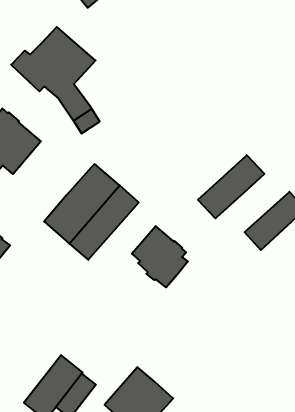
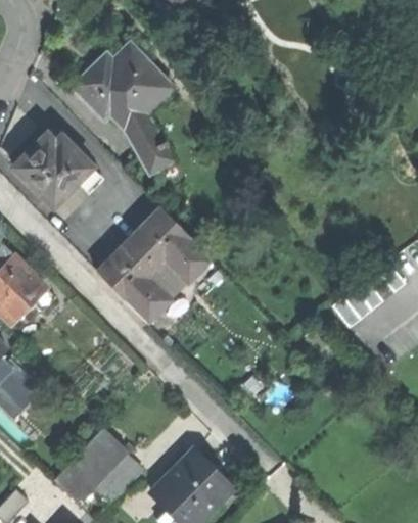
building: [198,155,264,218] -> none
building: [132,226,188,287] -> none

